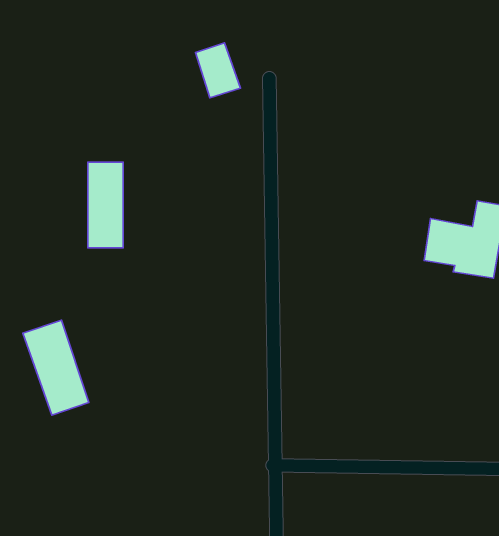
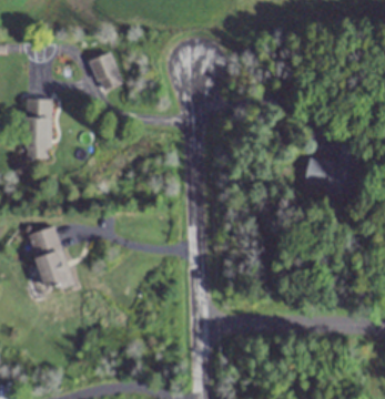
building: [195,43,241,98] -> [90,53,121,91]
building: [88,162,123,248] -> [26,99,50,157]

